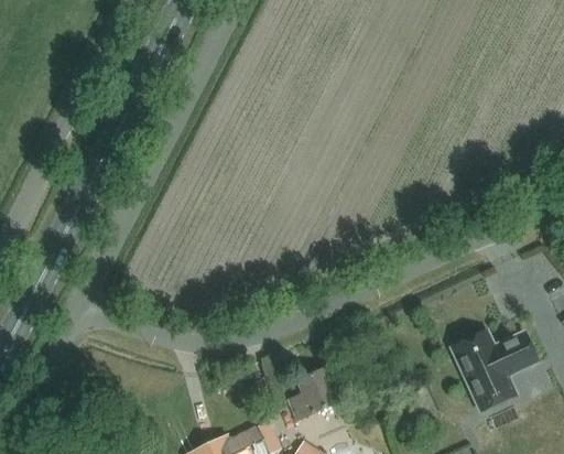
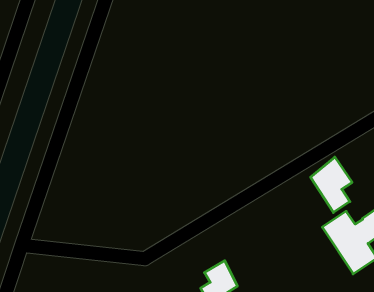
building: none -> [311,157,352,213]

